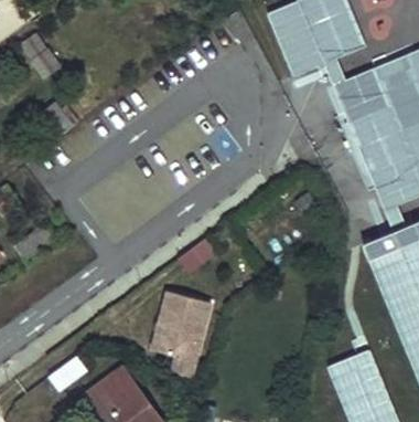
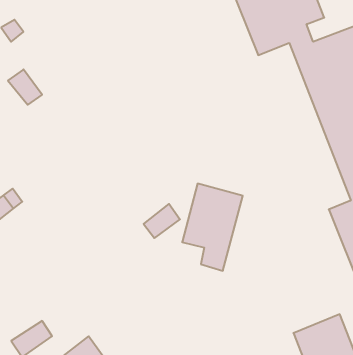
building: [151,293,212,380] -> [182,184,243,271]

